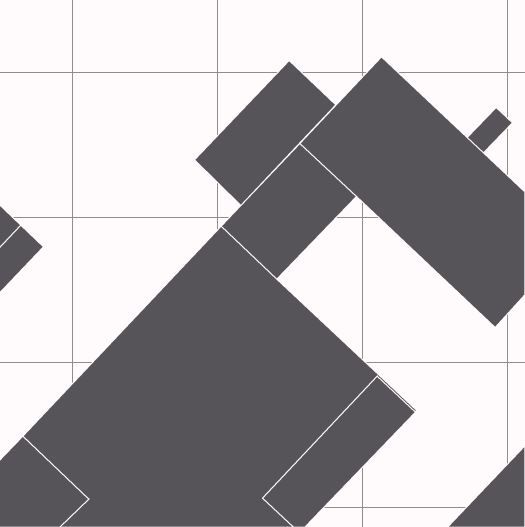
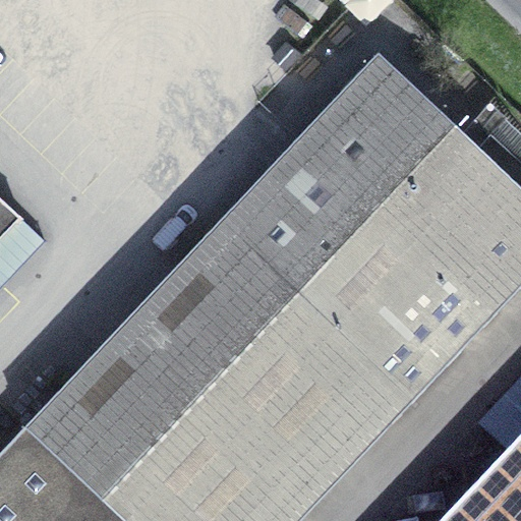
building: [195,60,336,205] -> none
building: none -> [273,193,487,404]

